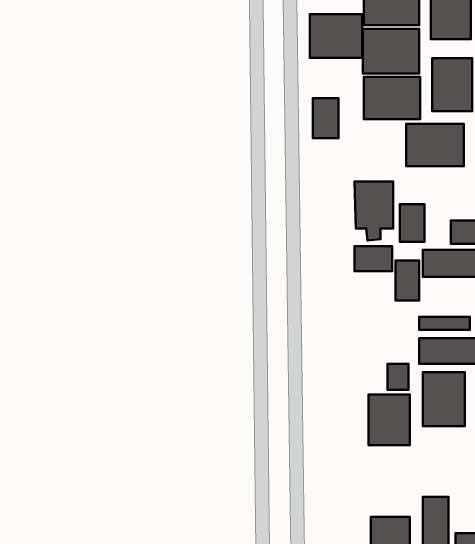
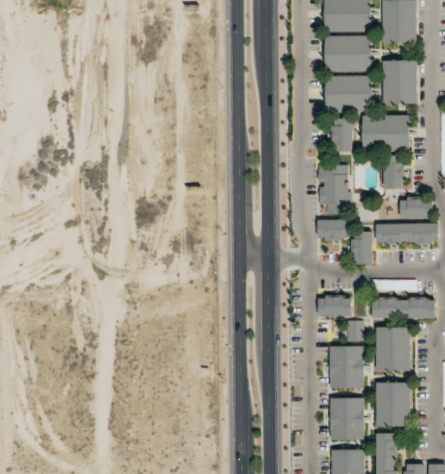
building: [310,14,362,58] -> none
building: [313,98,339,138] -> [331,119,353,153]
building: [400,204,425,242] -> [383,157,404,189]
building: none -> [318,296,351,318]
building: none -> [375,382,410,427]
building: none -> [330,398,364,441]

